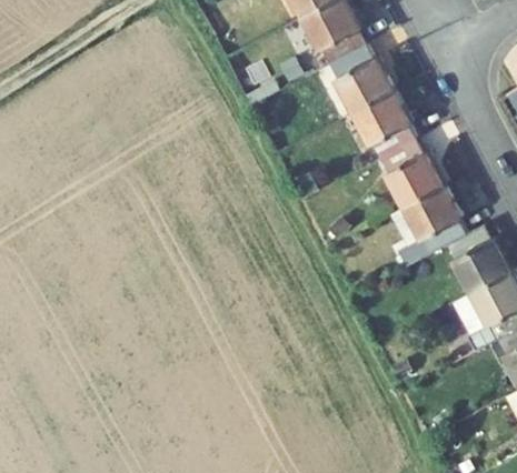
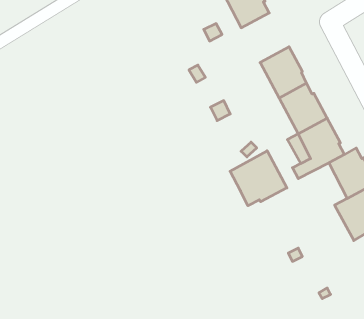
building: [328,43,392,110] -> none
building: none -> [230,151,287,206]

